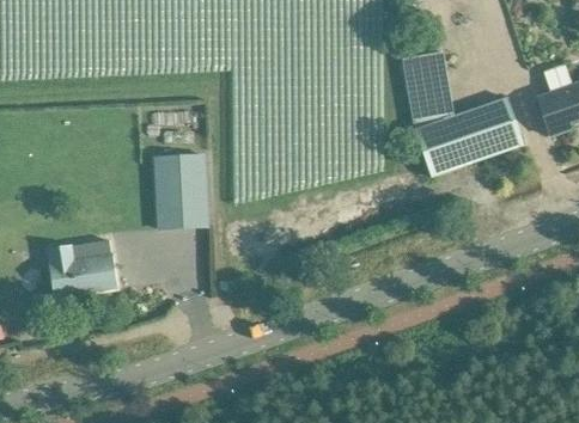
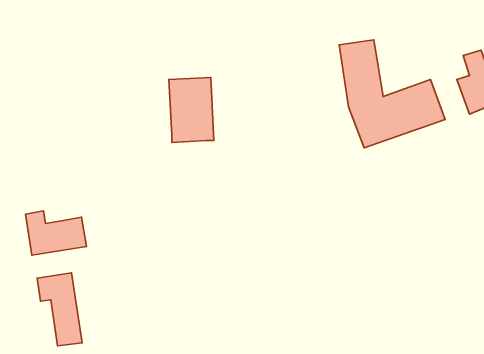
building: [154,153,206,227] -> [169,77,214,143]
building: none -> [37,273,82,346]

